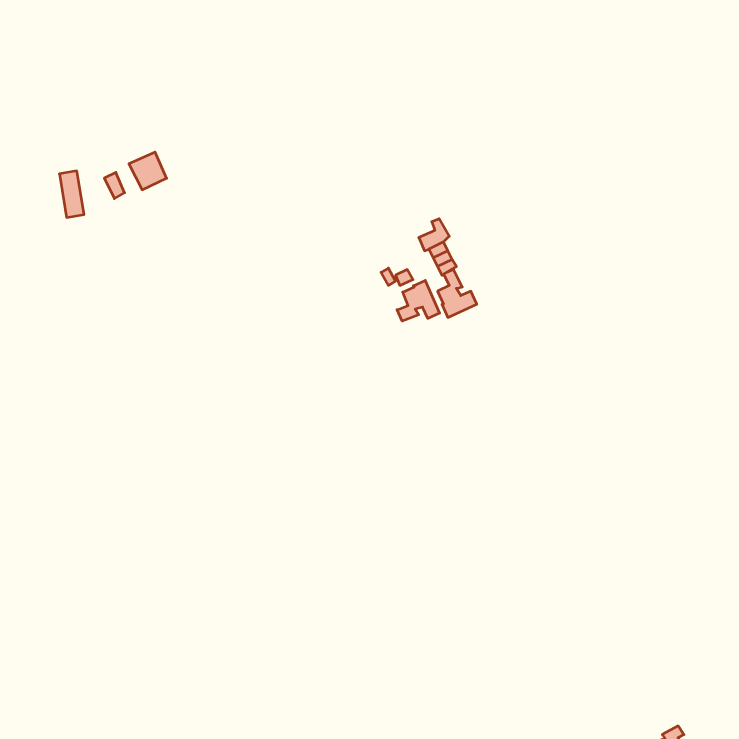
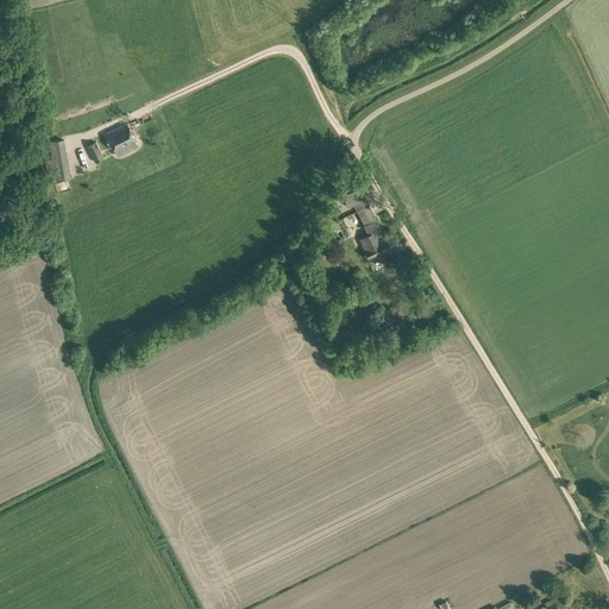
building: [397,280,440,321] -> none

